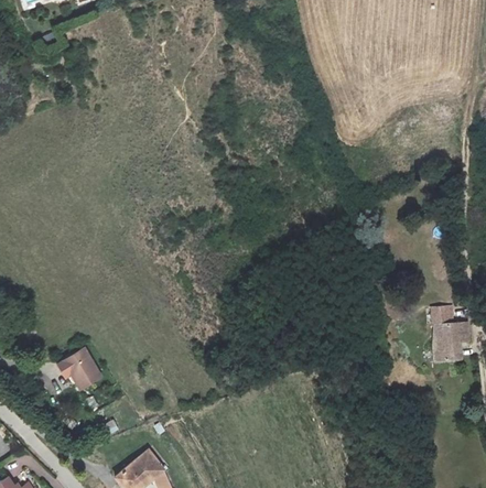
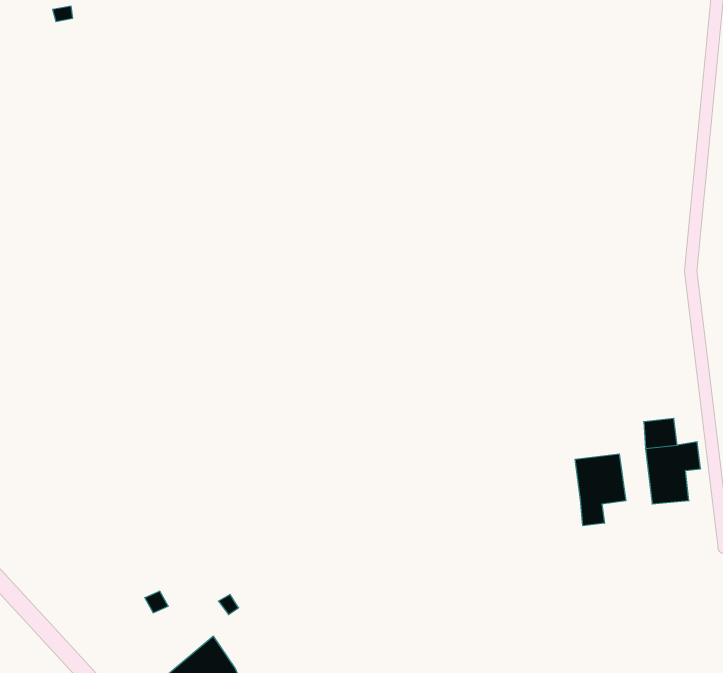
building: none -> [575,454,626,526]
building: [57,348,100,389] -> none

